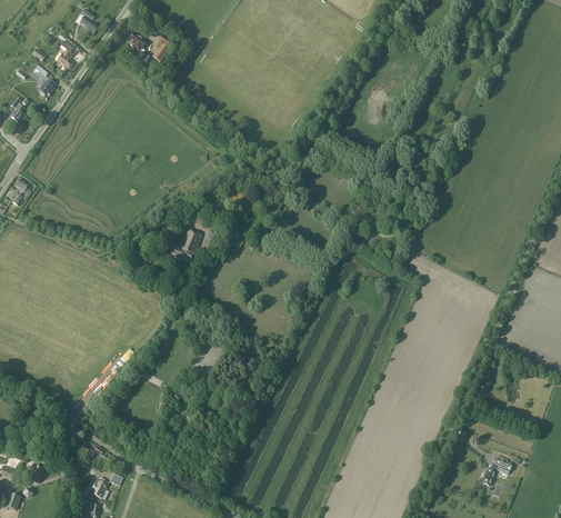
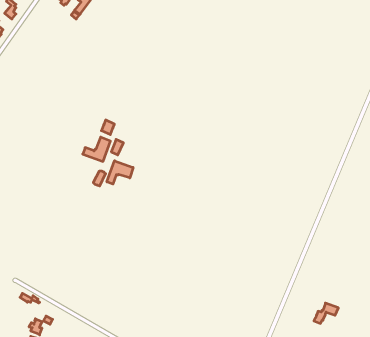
building: none -> [107,161,133,184]

